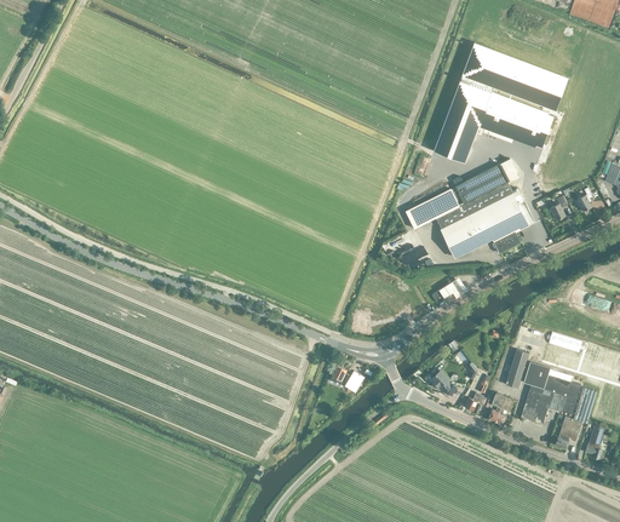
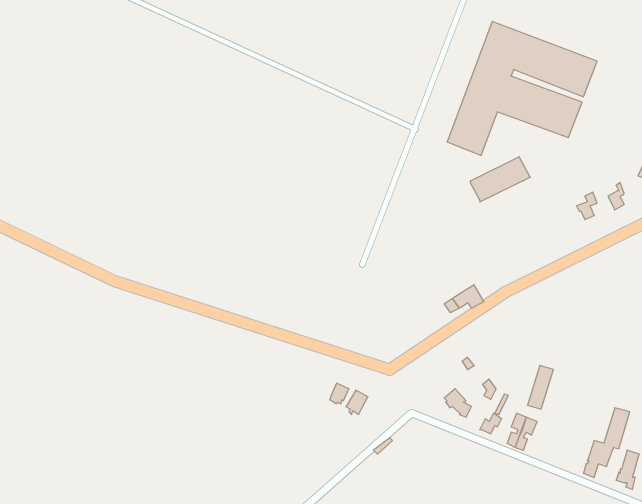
building: [404,187,463,226] -> none
building: [441,190,528,257] -> none
building: [519,362,580,423] -> none

